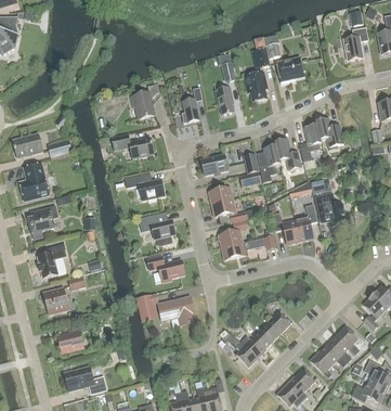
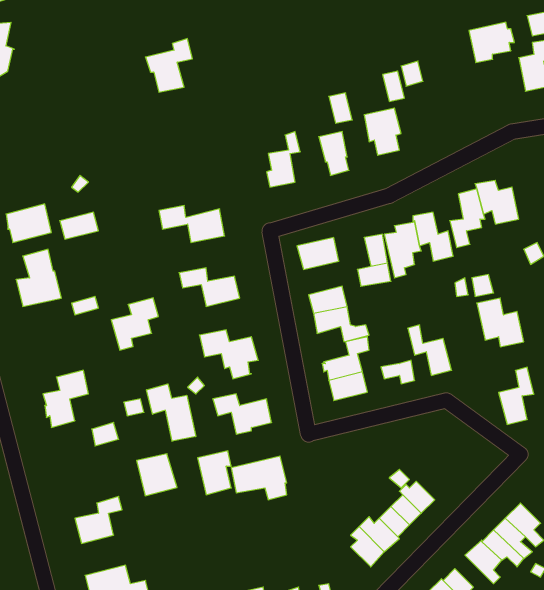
building: [276,56,305,82] -> [469,22,514,63]
building: [130,82,160,117] -> [145,39,192,92]
building: [295,203,317,240] -> [499,367,534,424]
building: [28,204,58,237] -> [111,298,158,350]
building: none -> [147,384,196,441]
building: [43,286,69,313] -> [137,454,177,496]

